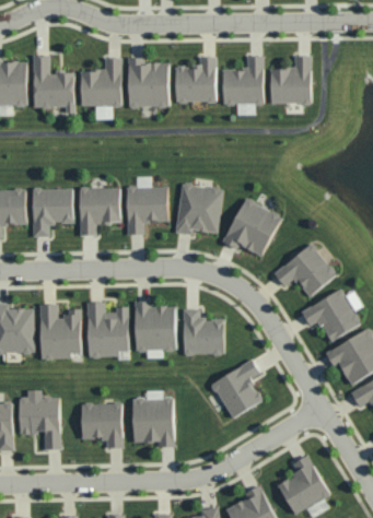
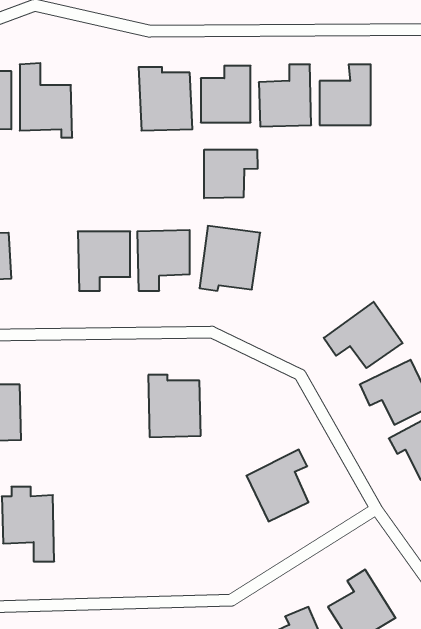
building: [81,58,121,107] -> none
building: none -> [204,150,258,198]
building: [32,188,73,237] -> none
building: [223,198,281,257] -> none
building: [86,302,129,357] -> none
building: [39,304,81,360] -> none
building: [183,308,224,355] -> none
building: [132,399,173,447] -> none
building: [80,403,121,449] -> none

